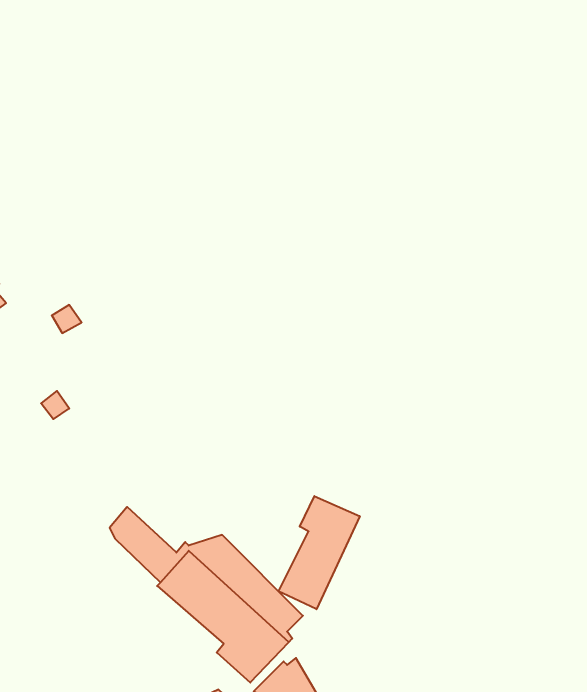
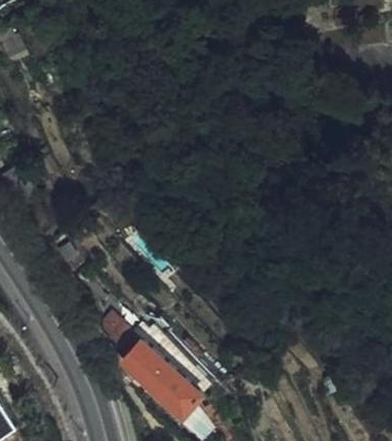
building: [278,496,360,609] -> none

